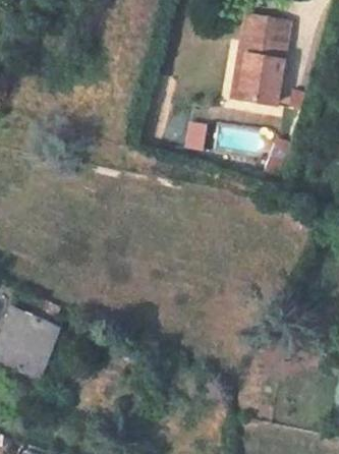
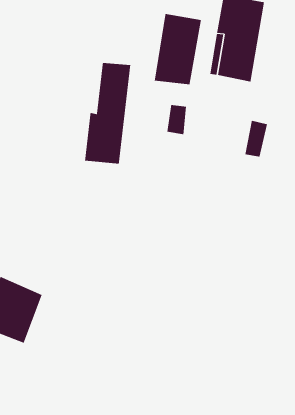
building: none -> [154,13,202,85]
building: none -> [84,62,131,164]

